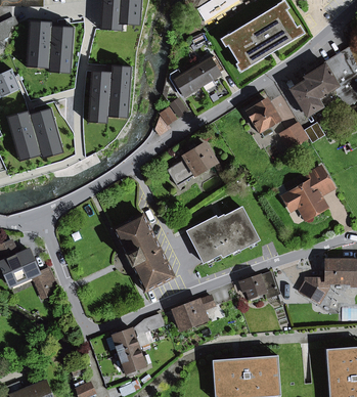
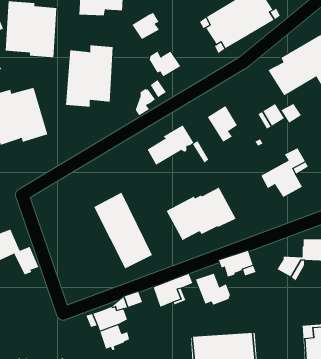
building: [192,55,221,84] -> [131,12,160,40]
building: [248,98,279,136] -> [207,105,238,142]
building: none -> [195,273,231,305]

